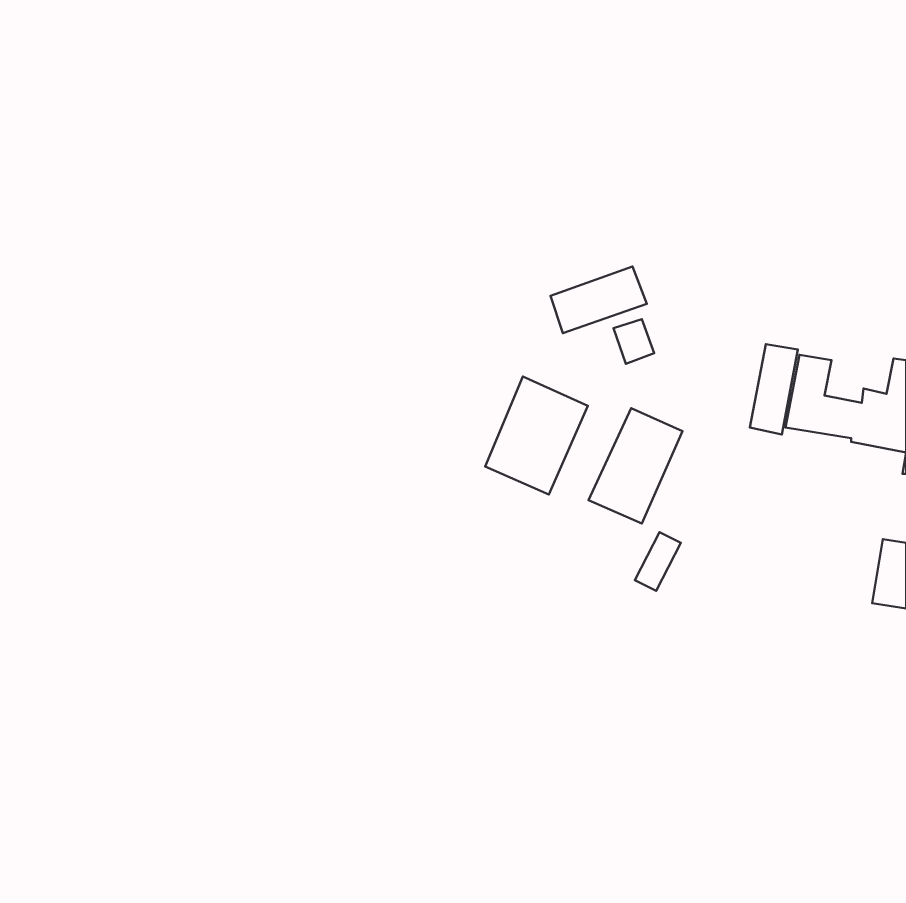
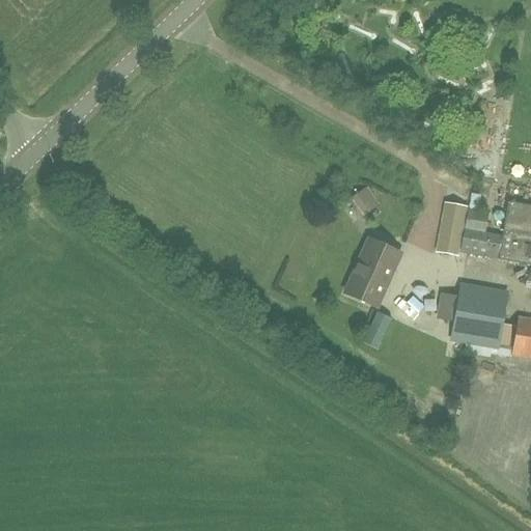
building: [551,267,647,333] -> none
building: [485,377,588,494] -> none
building: none -> [438,284,506,346]

